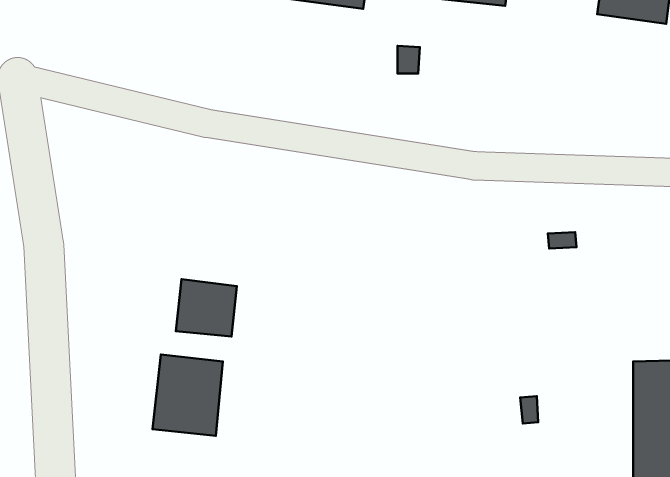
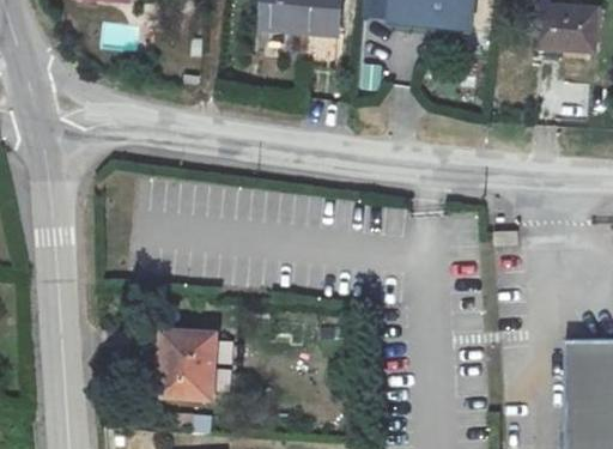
building: [176,279,237,336] -> none

